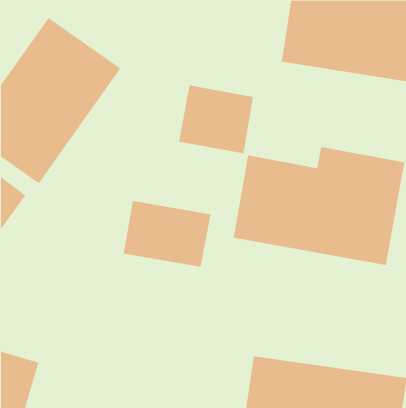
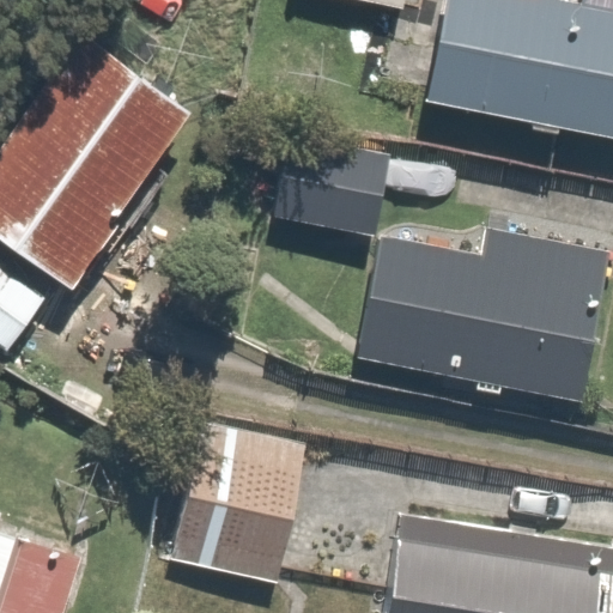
building: [123,200,211,268] -> none
building: none -> [165,420,305,591]

